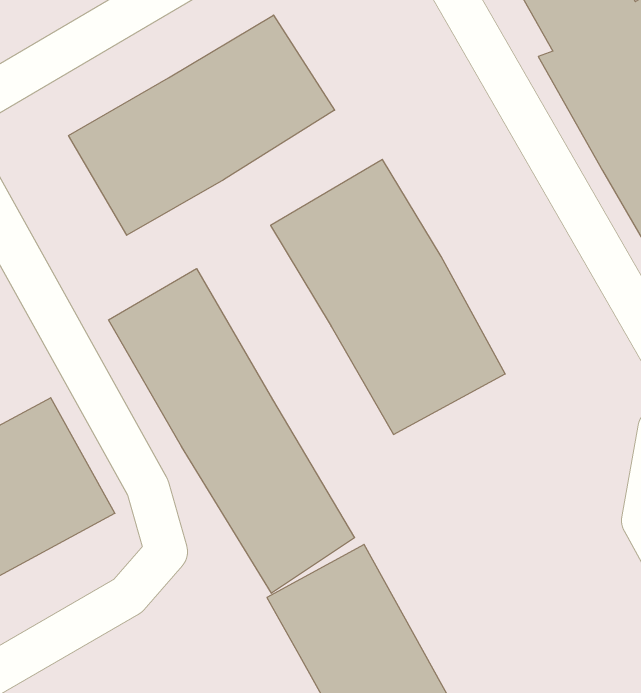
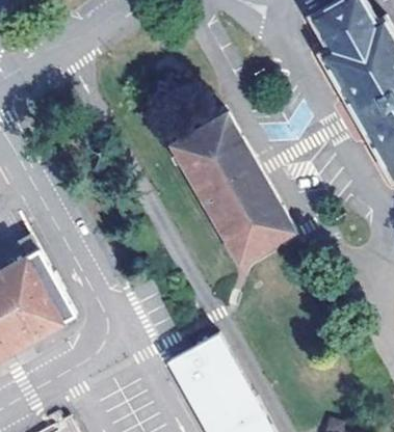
building: [69,15,335,235] -> none
building: [109,269,355,593] -> none

